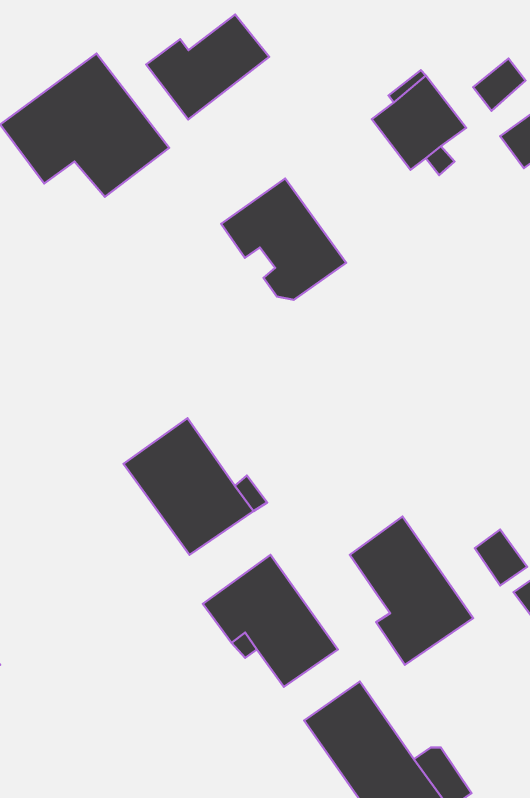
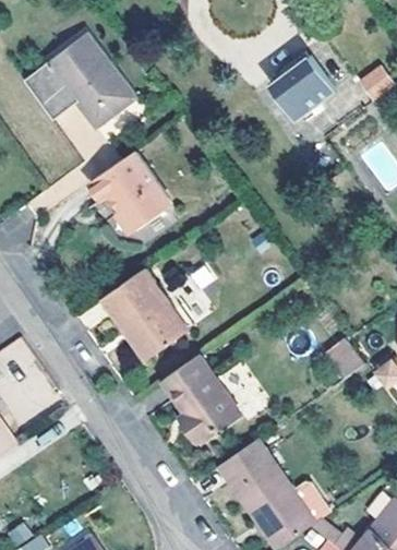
building: [146,15,269,120] -> none
building: [221,178,346,300] -> [95,148,176,227]
building: [350,516,473,665] -> none

